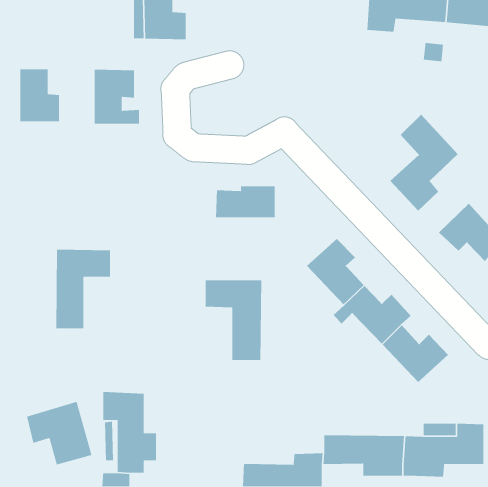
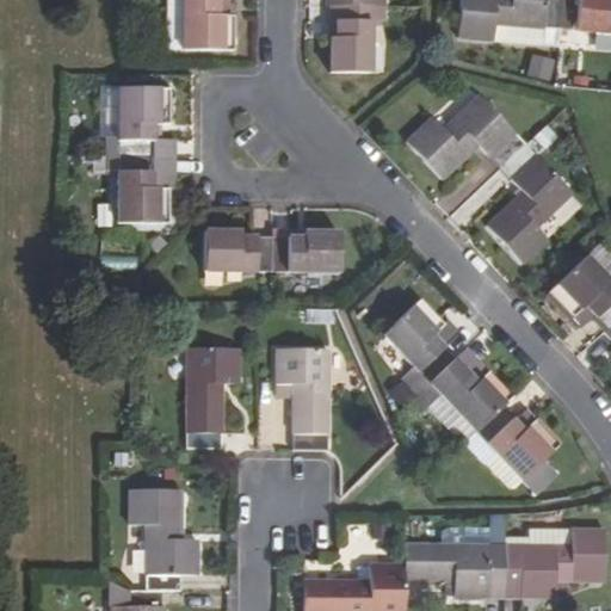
building: none -> [329,5,388,73]
building: [20,69,60,122] -> [118,155,168,222]
building: none -> [407,93,526,178]
building: none -> [204,230,271,272]
building: [55,249,111,329] -> [187,347,257,448]
building: [26,401,92,466] -> none

